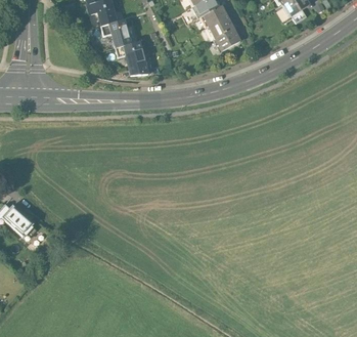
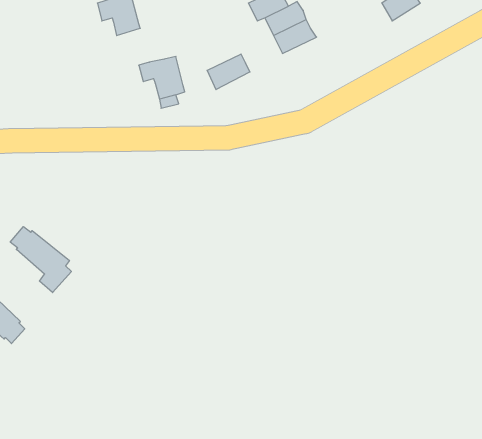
building: [100,18,133,46] -> none
building: [215,27,244,51] -> [207,54,250,90]
building: none -> [10,227,71,293]

